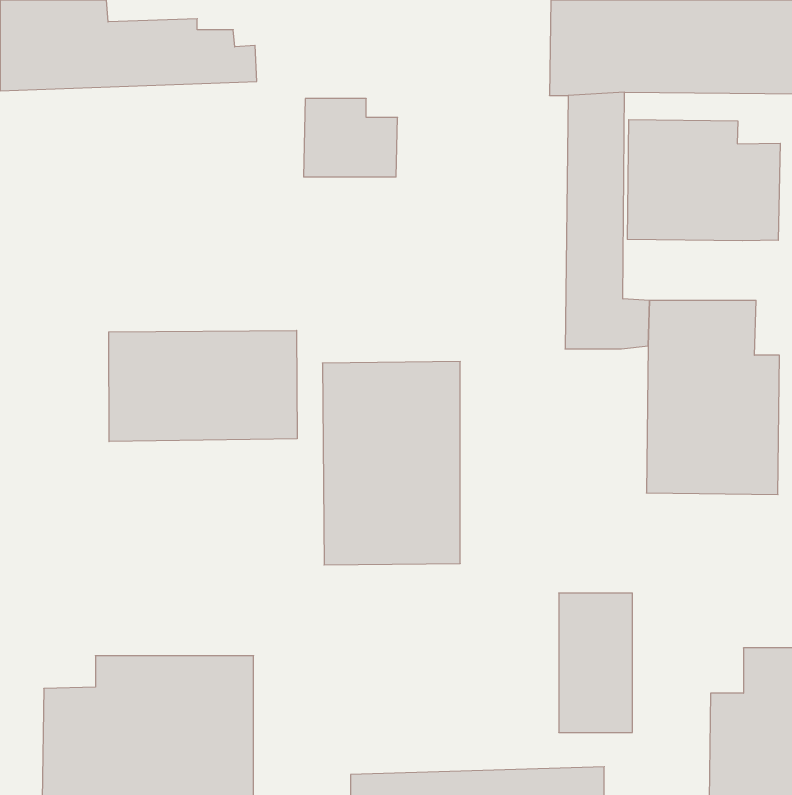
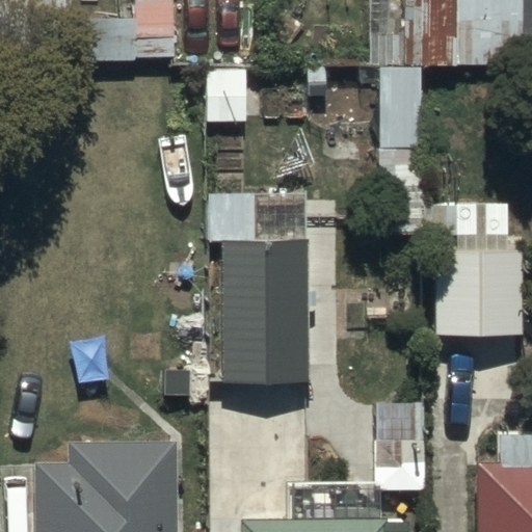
building: [627,120,780,241] -> none
building: [109,330,297,442] -> none

